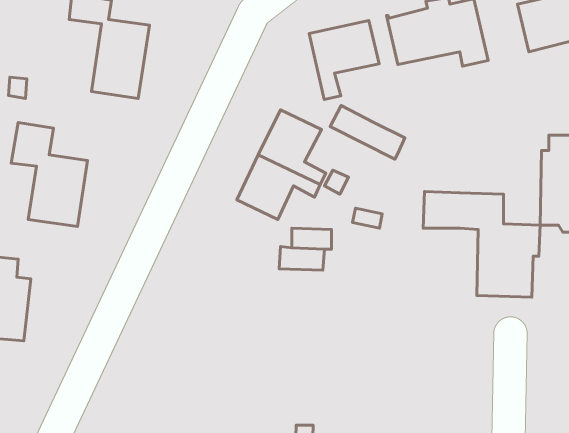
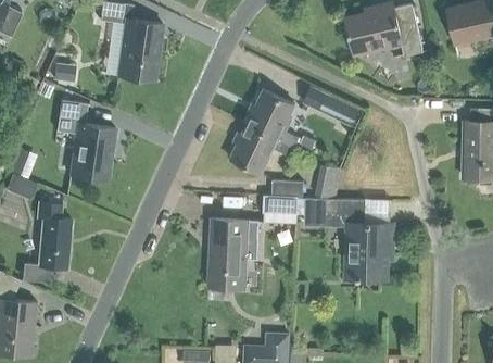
building: [309,20,379,99] -> none
building: [423,191,540,297] -> [304,198,394,279]
building: none -> [205,218,260,289]

